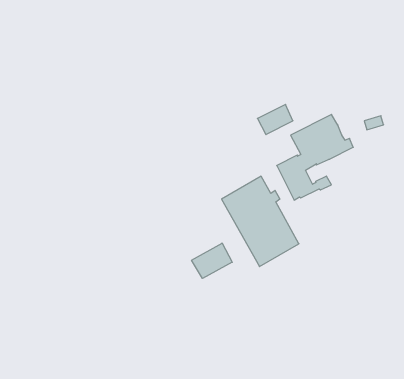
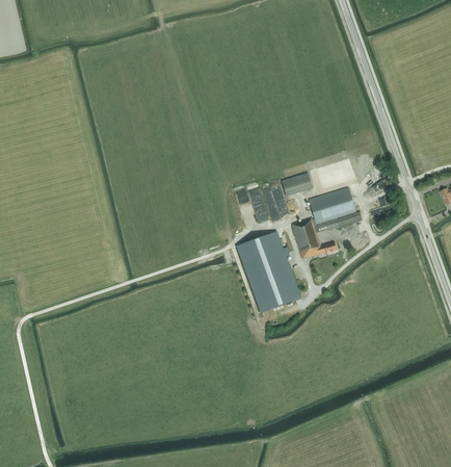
building: [192,243,232,278] -> none

